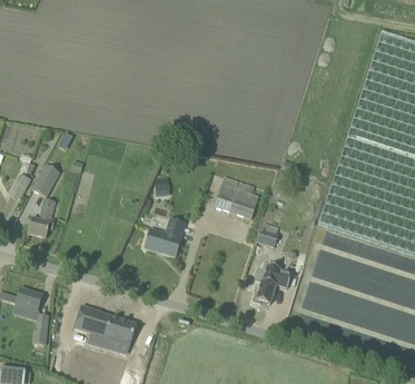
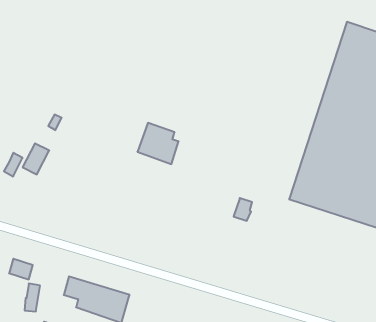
building: [214,175,258,219] -> [137,123,179,164]
building: [28,205,56,236] -> none
building: [145,217,184,255] -> none
building: [253,263,292,303] -> none

